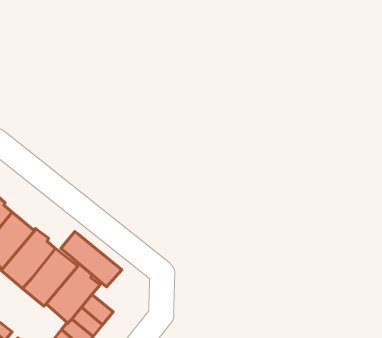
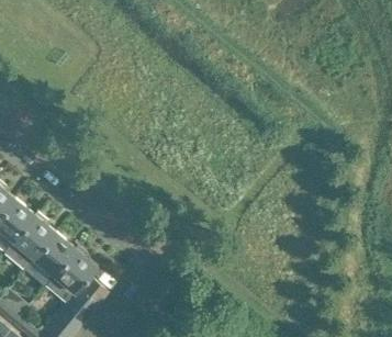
building: [61,232,122,287] -> none

